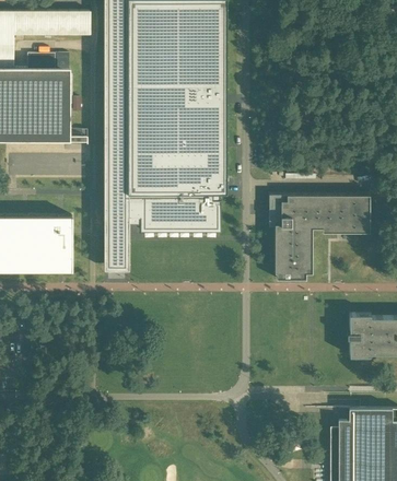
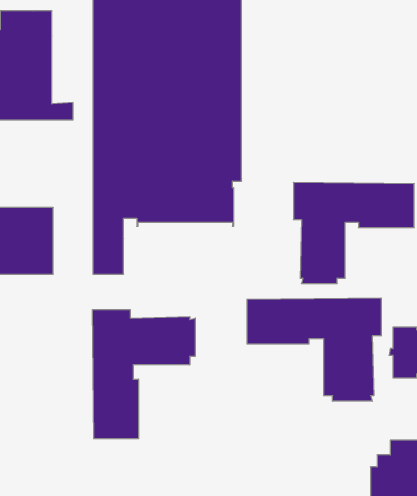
building: none -> [247,298,381,401]
building: none -> [92,310,195,439]

